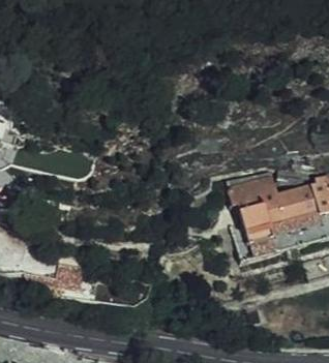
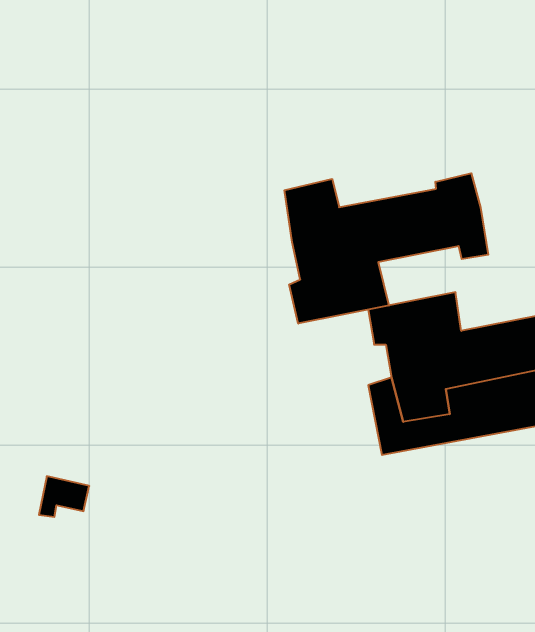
building: none -> [284,173,488,324]

